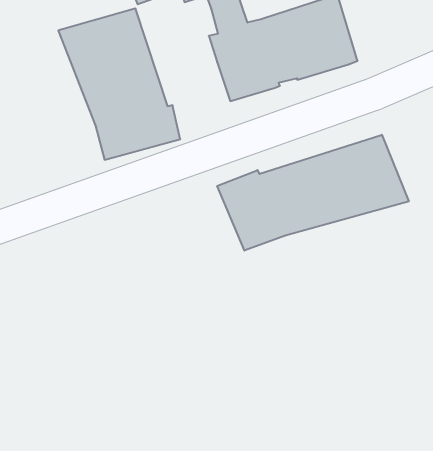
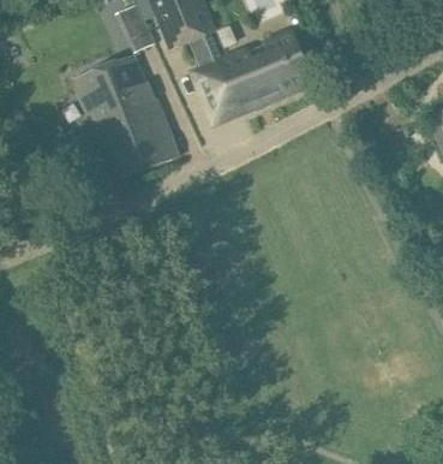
building: [217,135,409,251] -> none

